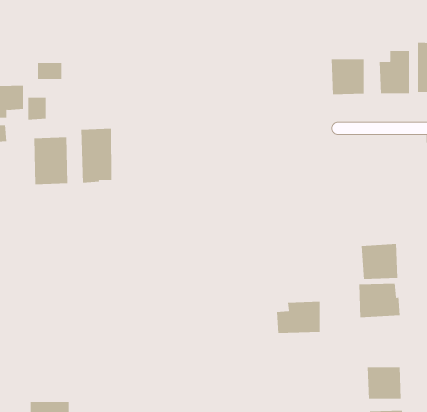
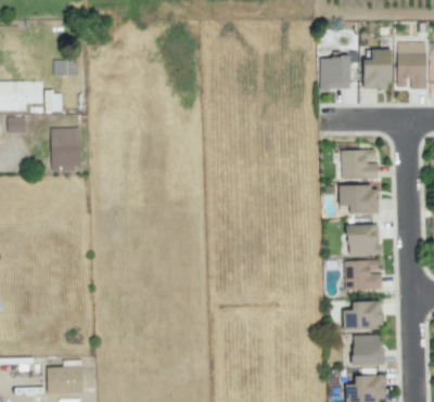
building: [81,128,112,183] -> none
building: none -> [341,150,378,180]
building: none -> [339,186,378,213]
building: [276,301,321,334] -> [342,301,382,330]

